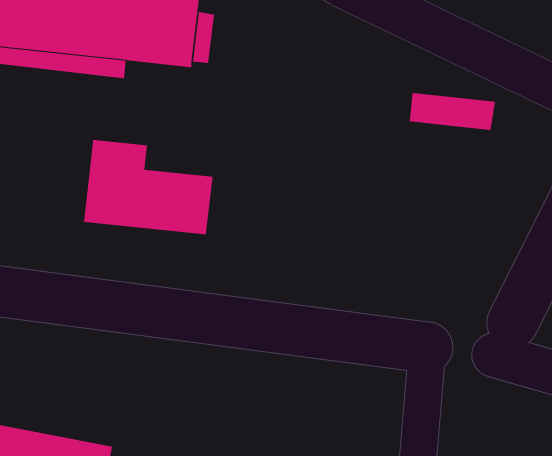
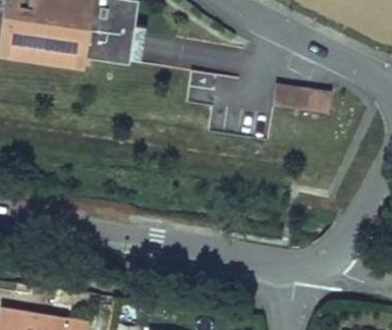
building: [83,139,213,235] -> none

